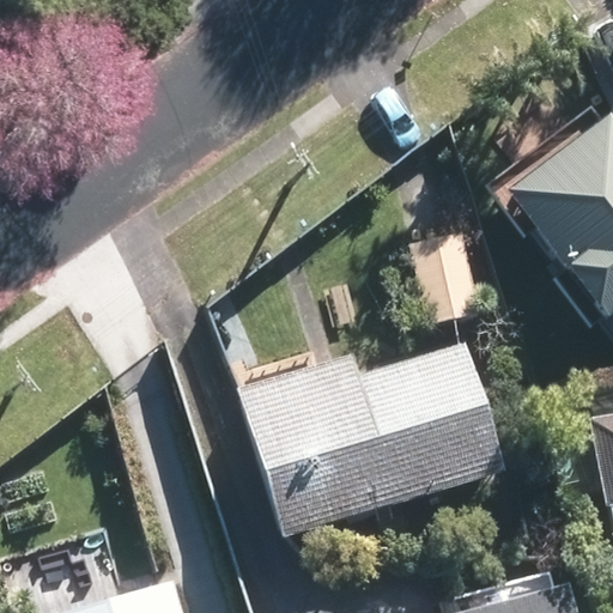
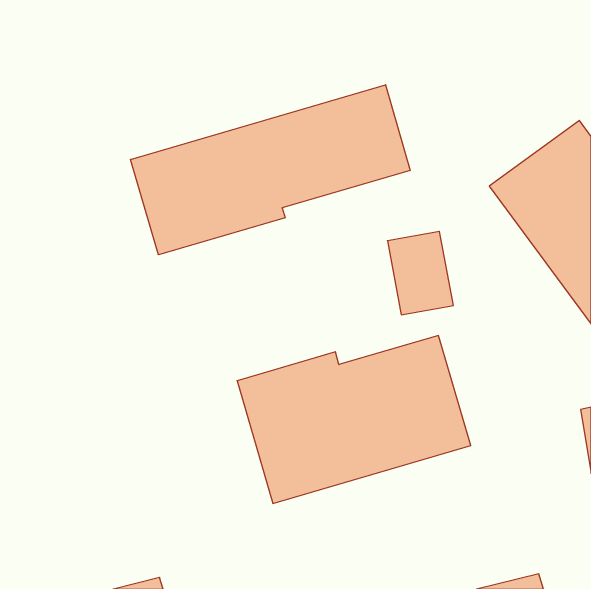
building: none -> [131,85,410,255]

